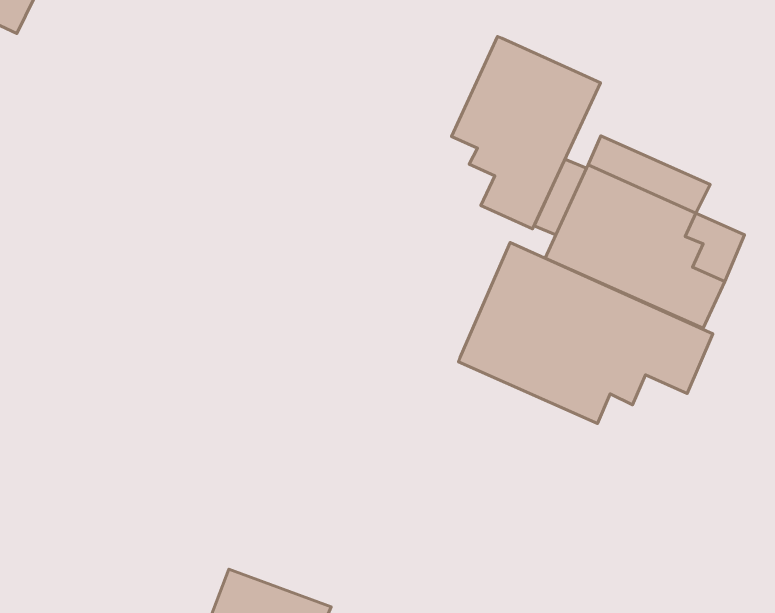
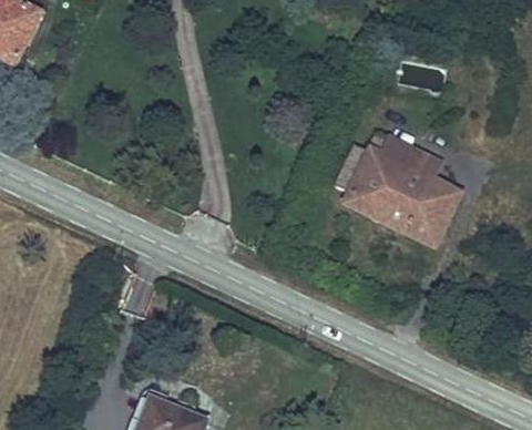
building: [452,36,601,229] -> none
building: [458,242,713,424] -> none

